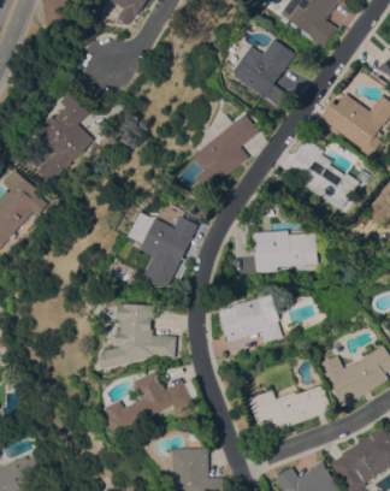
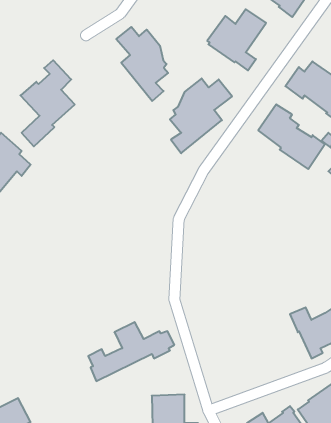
building: none -> [116,27,168,101]
building: [140,214,197,285] -> none
building: [252,230,317,273] -> none
building: [217,296,282,343] -> none
building: [100,303,176,368] -> none
building: [248,384,331,436] -> none

